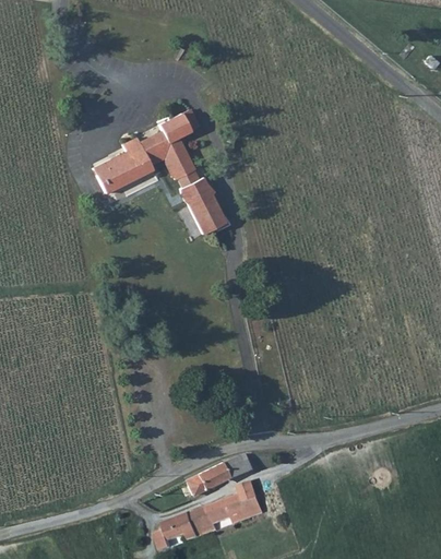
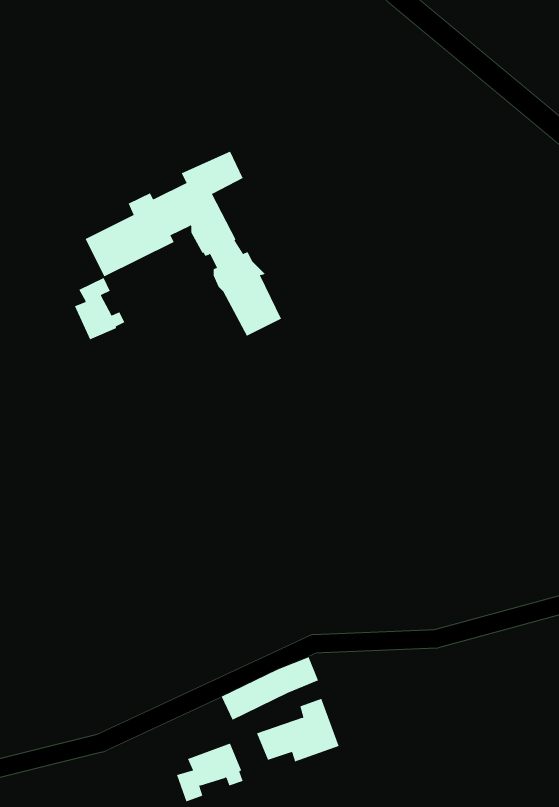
building: none -> [74,277,125,340]
building: [192,504,219,537] -> none

